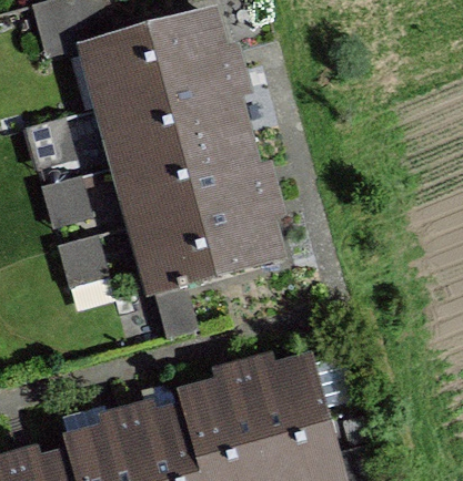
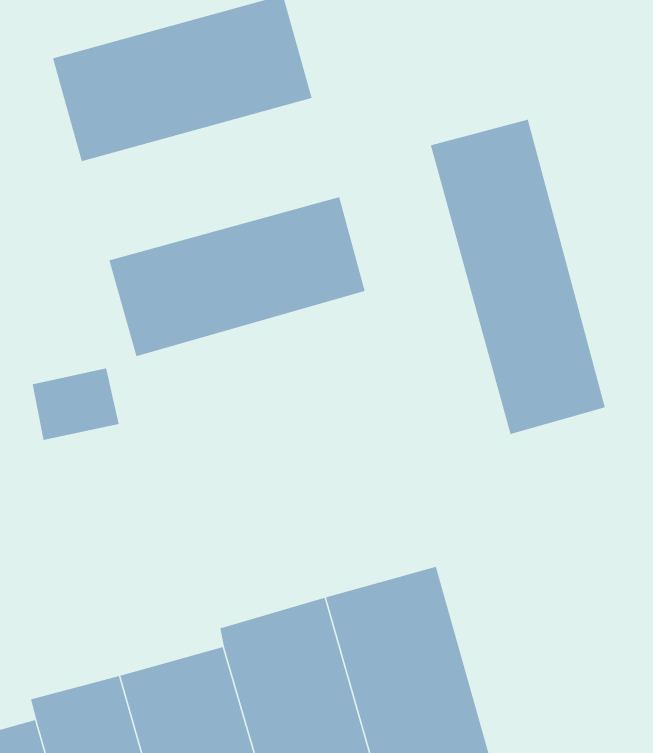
building: [93,69,251,167] -> none
building: none -> [430,119,606,435]
building: [127,186,285,291] -> none

